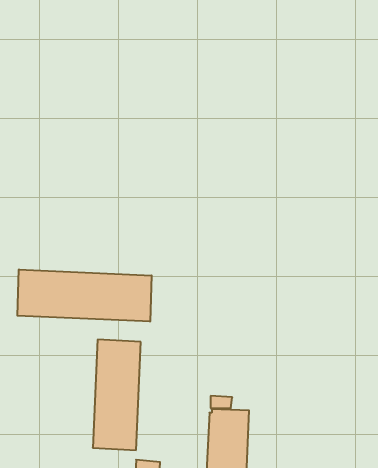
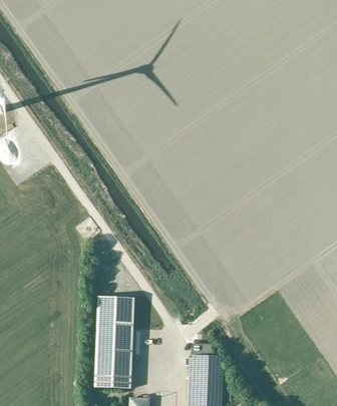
building: [17,269,152,322] -> none

